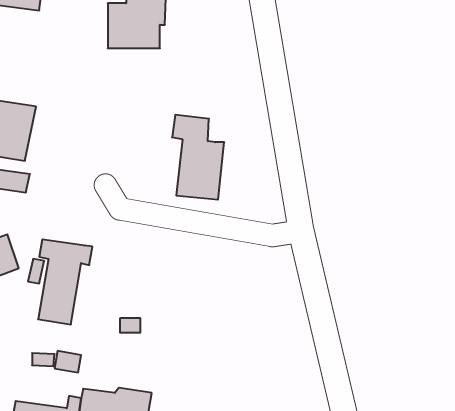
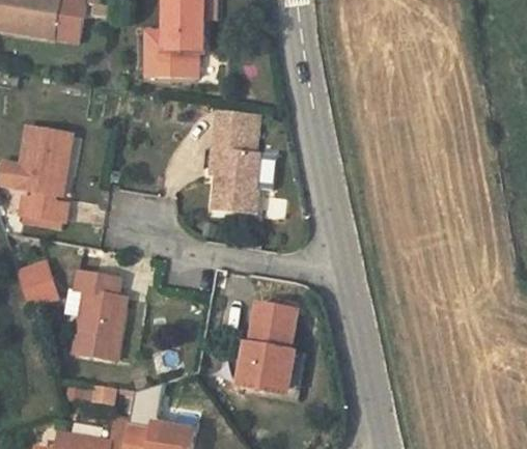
building: none -> [212,121,257,172]
building: none -> [244,307,295,388]

